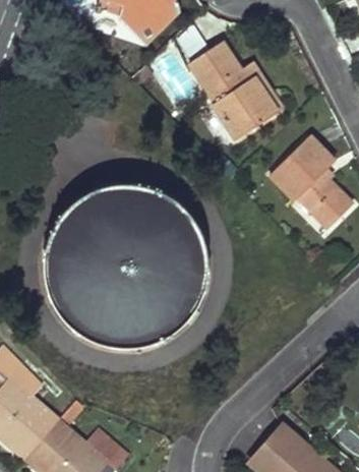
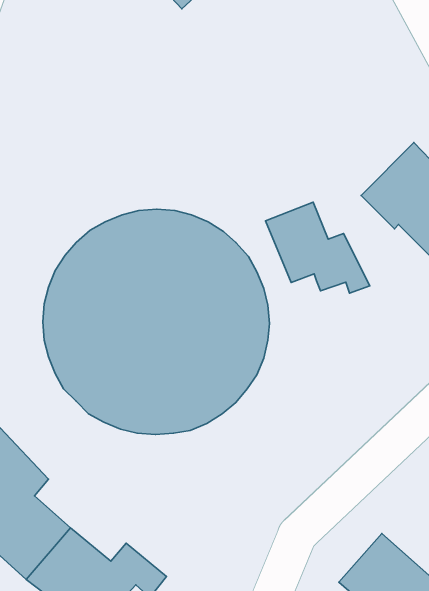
building: [189,42,277,136] -> none
building: none -> [265,202,370,293]

